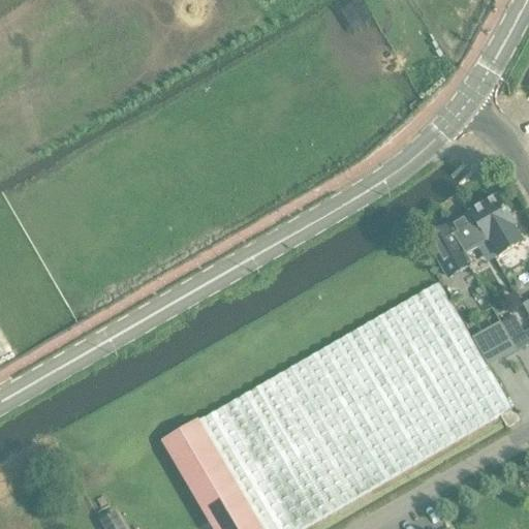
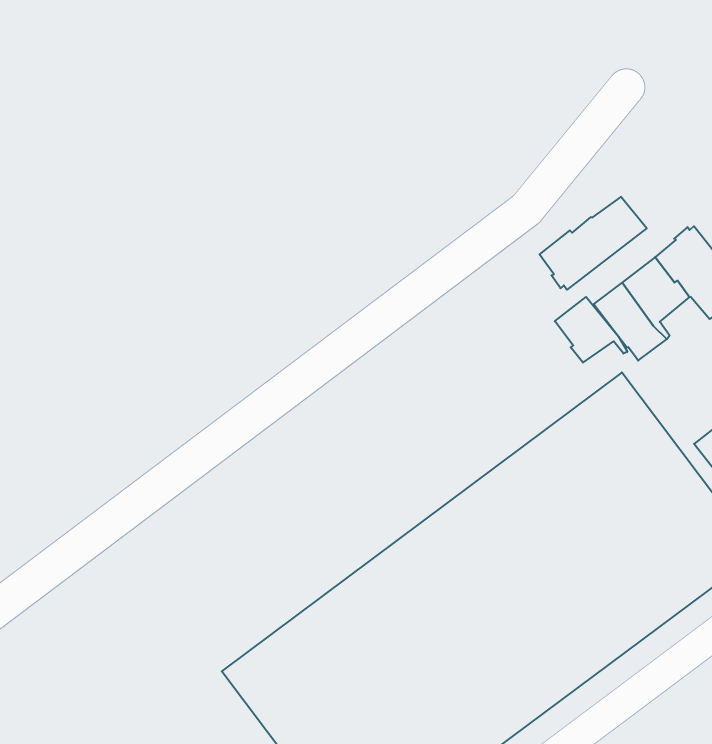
building: none -> [540,197,647,290]
building: none -> [555,297,627,363]

